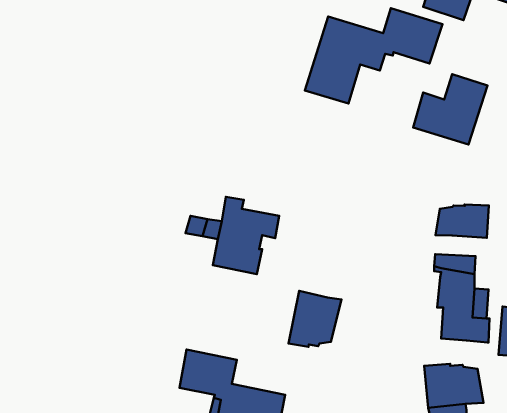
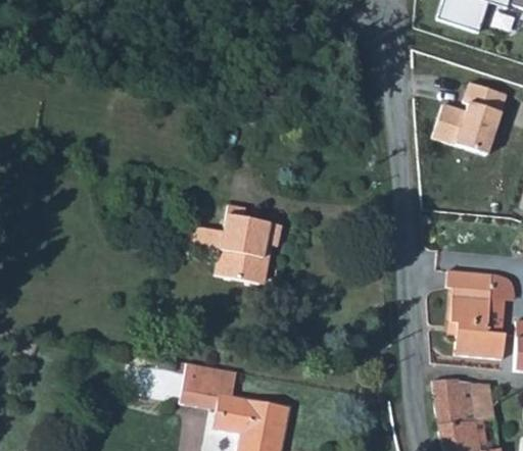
building: [305,8,443,104] -> none
building: [435,204,489,238] -> none
building: [288,291,342,347] -> none

